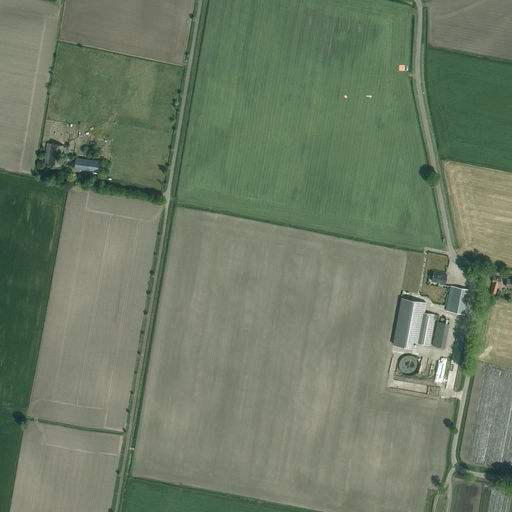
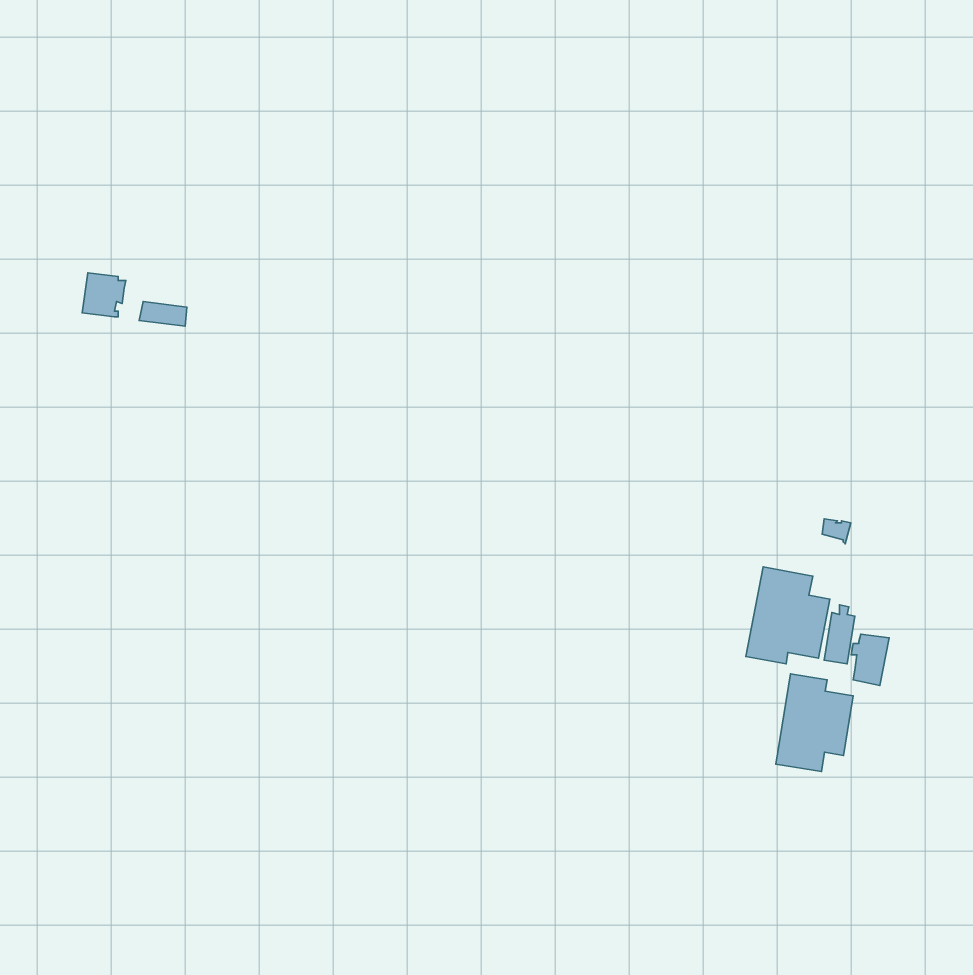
building: [448,287,468,314] -> [851,634,889,686]
building: none -> [776,674,853,772]

